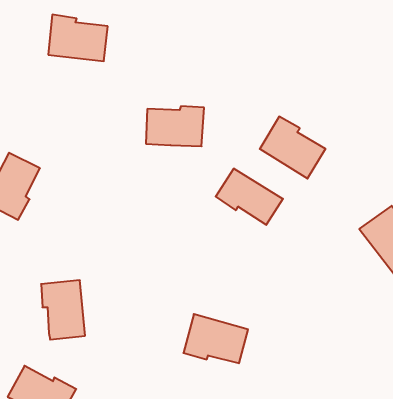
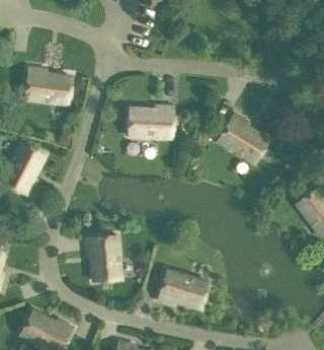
building: [48,15,108,61] -> [24,67,71,103]
building: [216,168,283,225] -> none
building: [41,280,85,340] -> [86,234,120,281]

